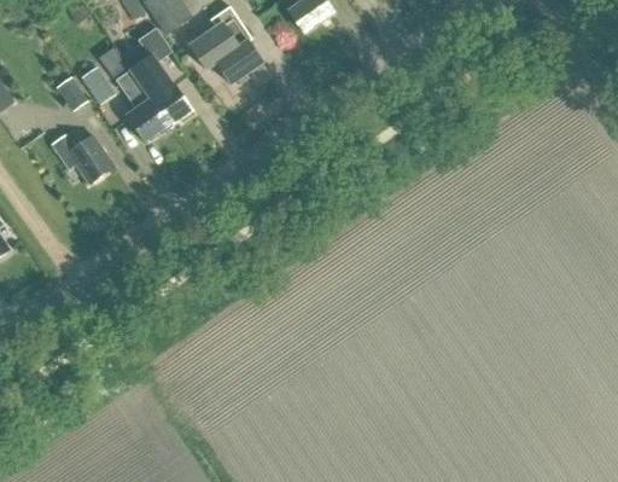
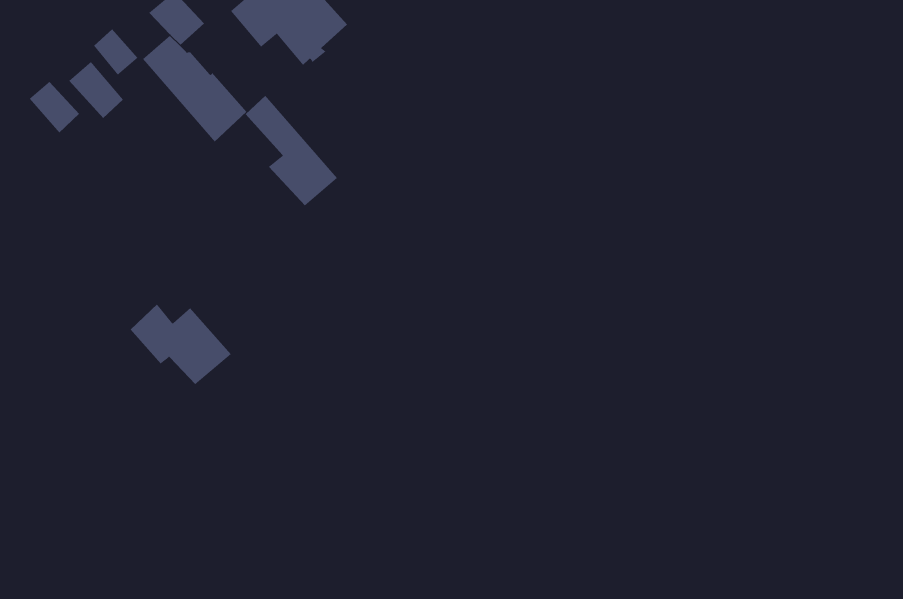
building: [115,69,169,143] -> [245,95,338,206]
building: [52,129,115,184] -> [130,304,232,385]

